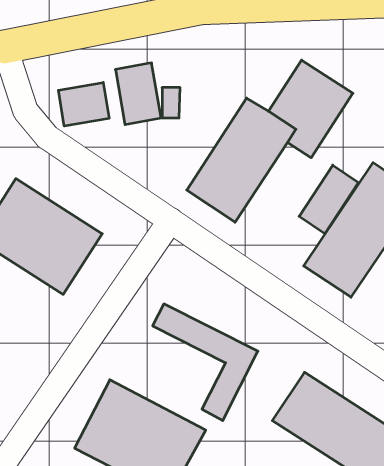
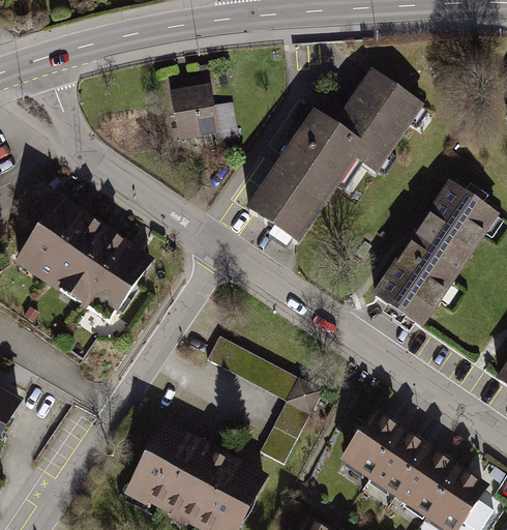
building: [58,82,109,126] -> none
building: [299,165,359,234] -> none

